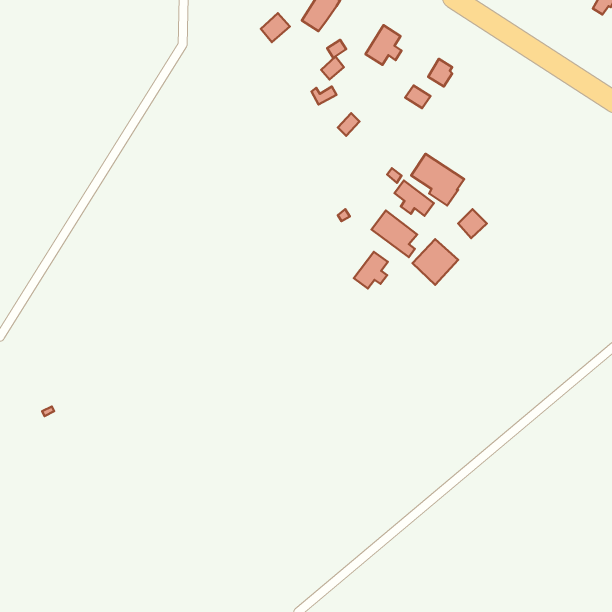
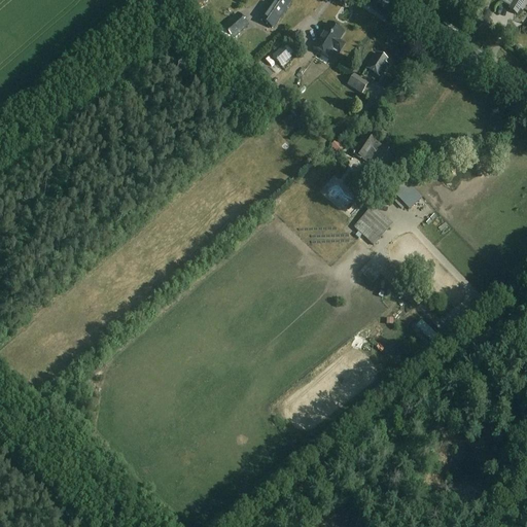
building: [395,181,434,216] -> none
building: [354,252,388,289] -> none

